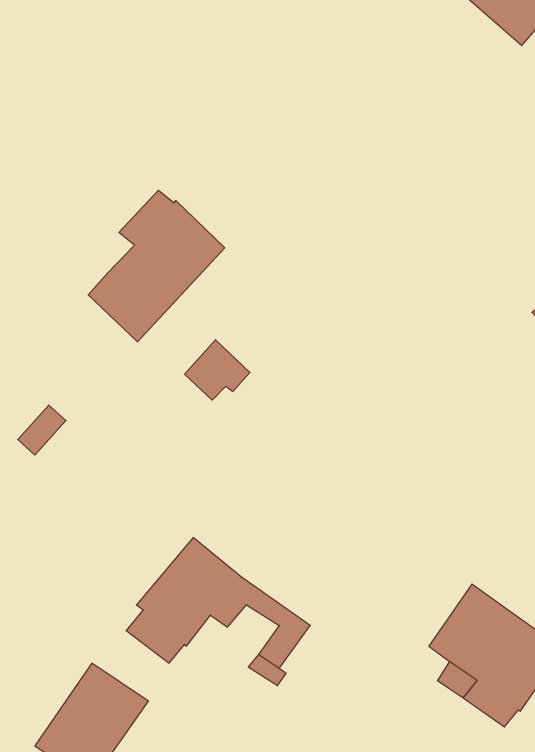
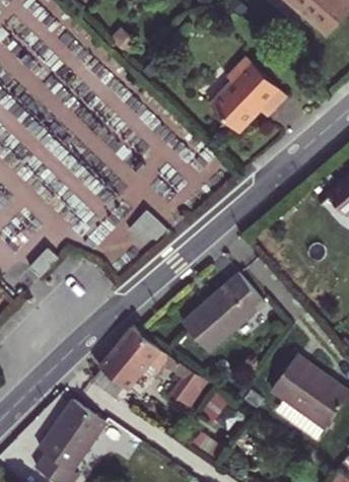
building: none -> [209,58,286,133]
building: [88,190,225,342] -> none
building: none -> [182,274,265,353]

